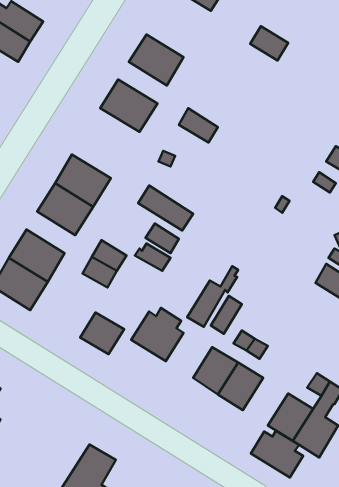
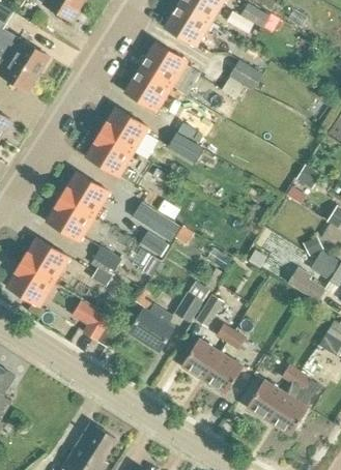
building: none -> [140,42,188,87]
building: none -> [85,131,134,177]
building: [251,431,303,478] -> none

